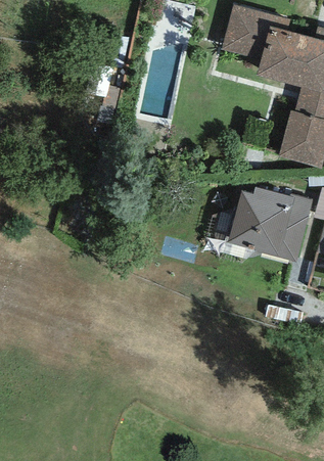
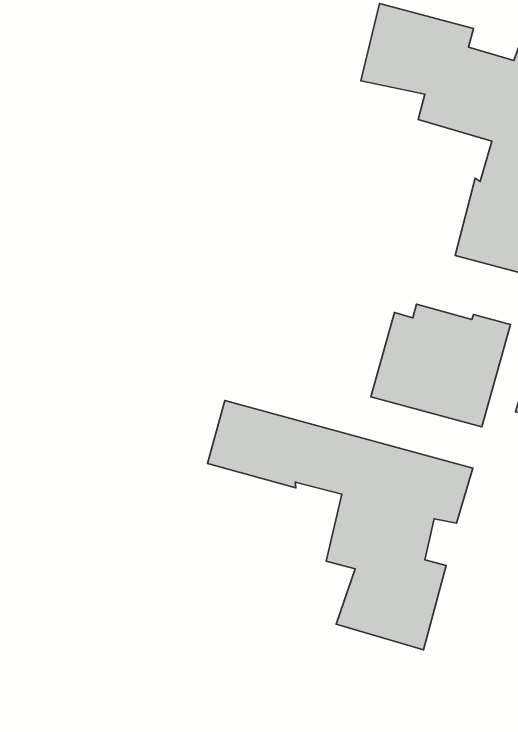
building: none -> [208,401,473,650]

